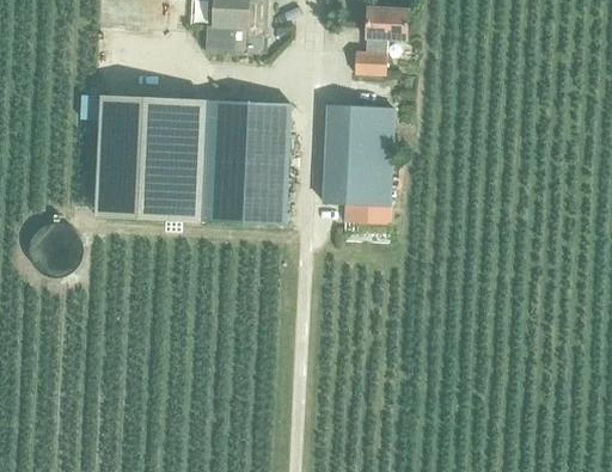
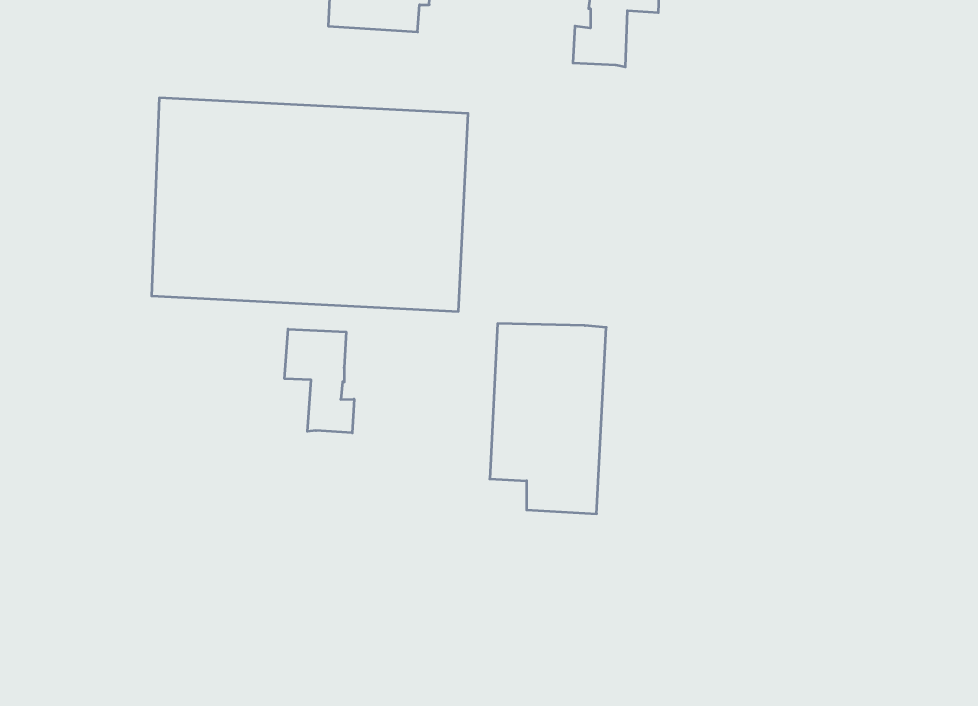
building: [323,106,394,223] -> [490,324,606,514]
building: none -> [285,329,354,433]

